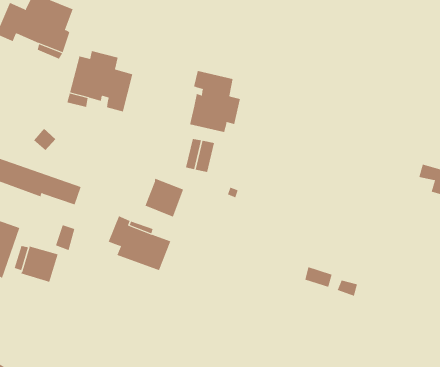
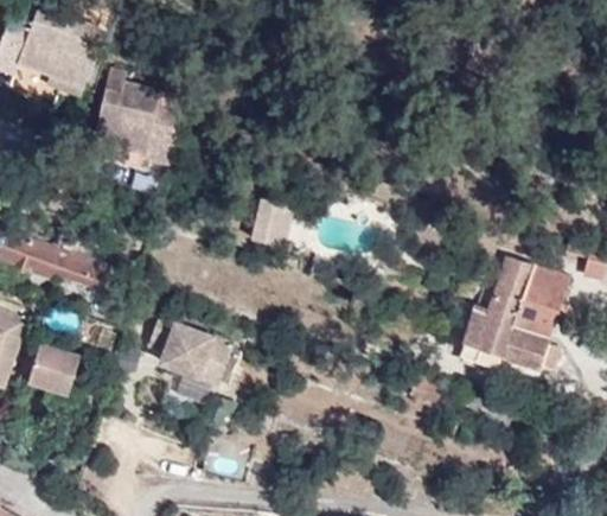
building: [190,70,241,133] -> none
building: [143,178,184,218] -> none
building: none -> [461,256,569,371]

